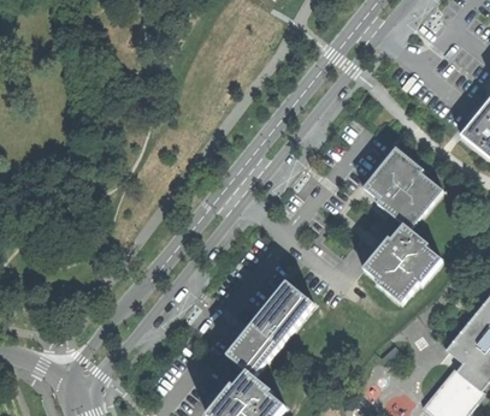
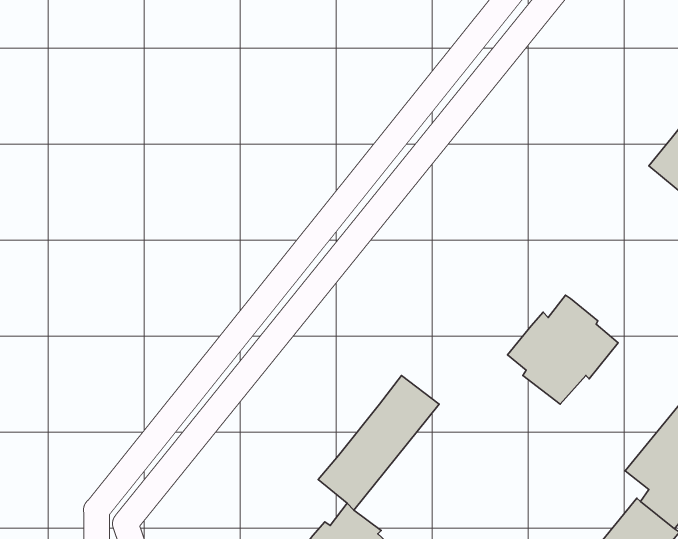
building: [362,149,442,226] -> none

